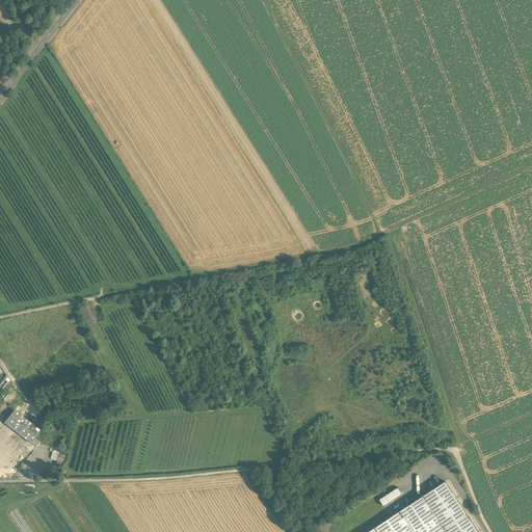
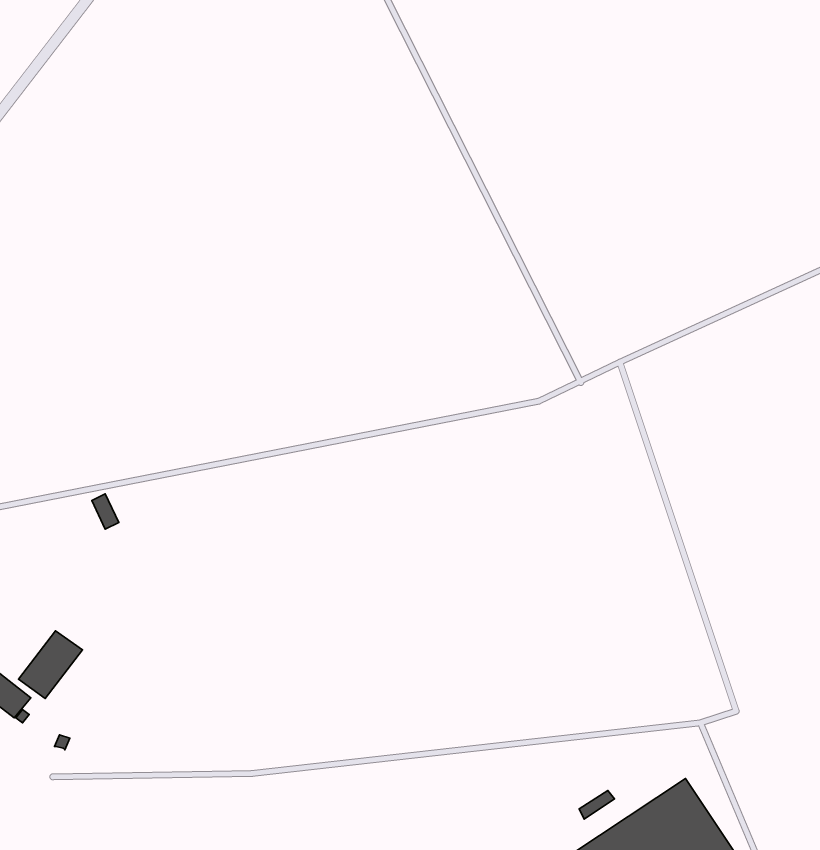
building: none -> [18,631,82,698]

